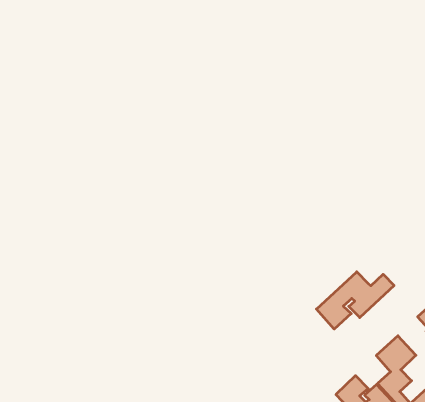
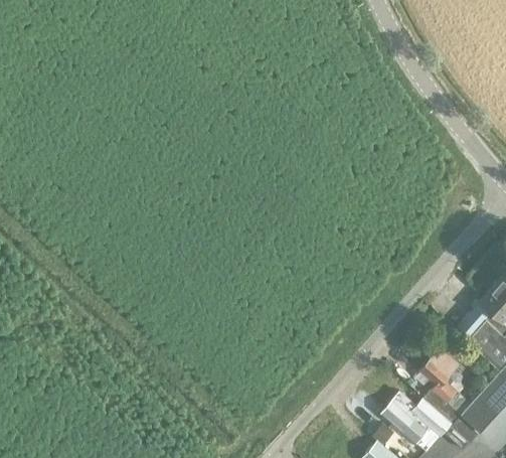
building: [316,272,394,329] -> none

